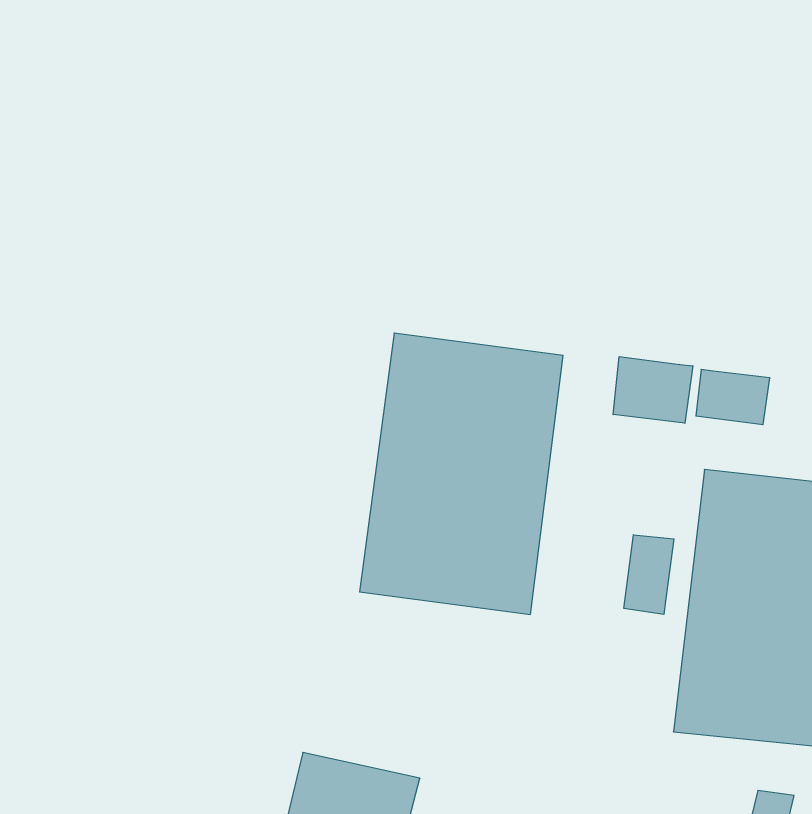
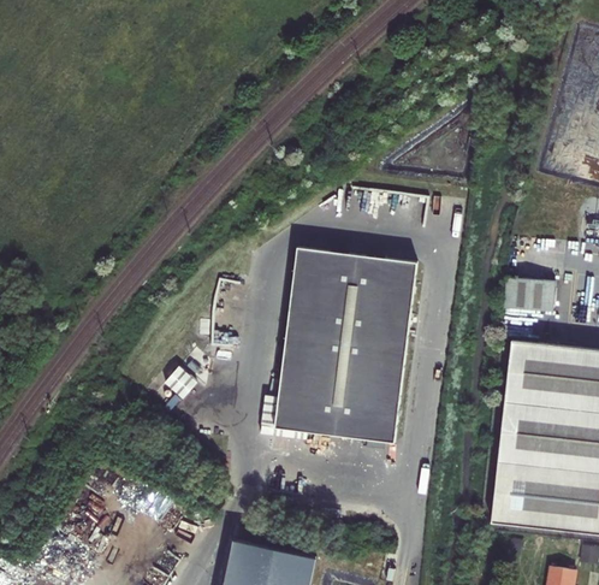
building: [613,357,693,423] -> none
building: [624,535,674,614] -> none

